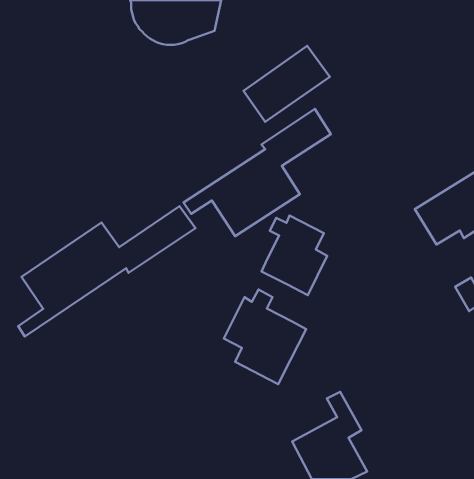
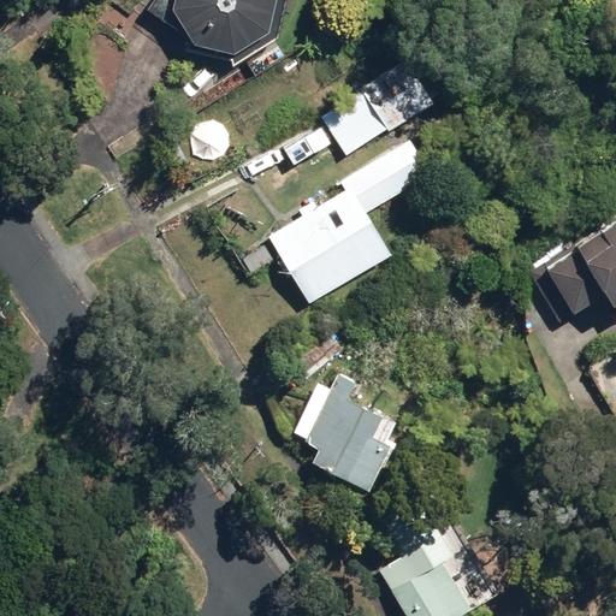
building: [18,206,195,336] -> none
building: [261,215,327,295] -> none

